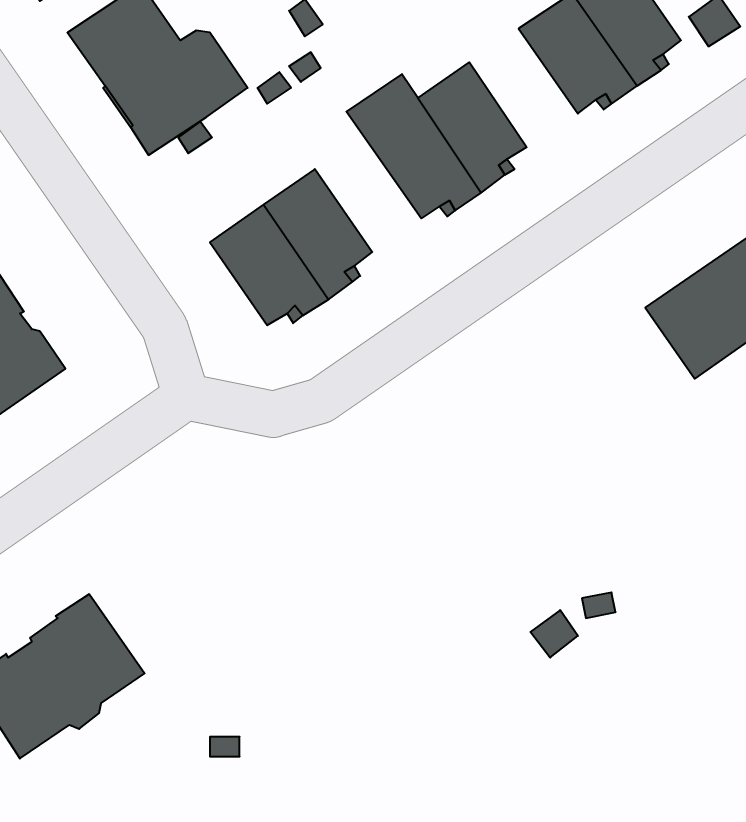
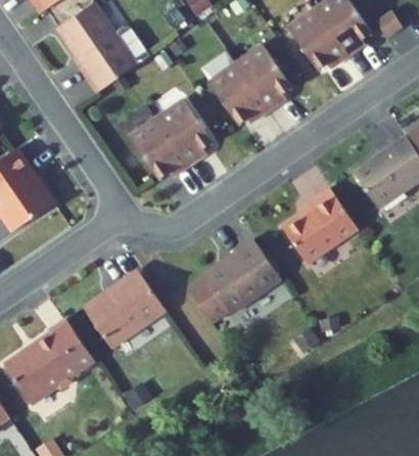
building: none -> [283,187,358,263]
building: none -> [188,238,281,323]
building: none -> [83,269,167,349]

